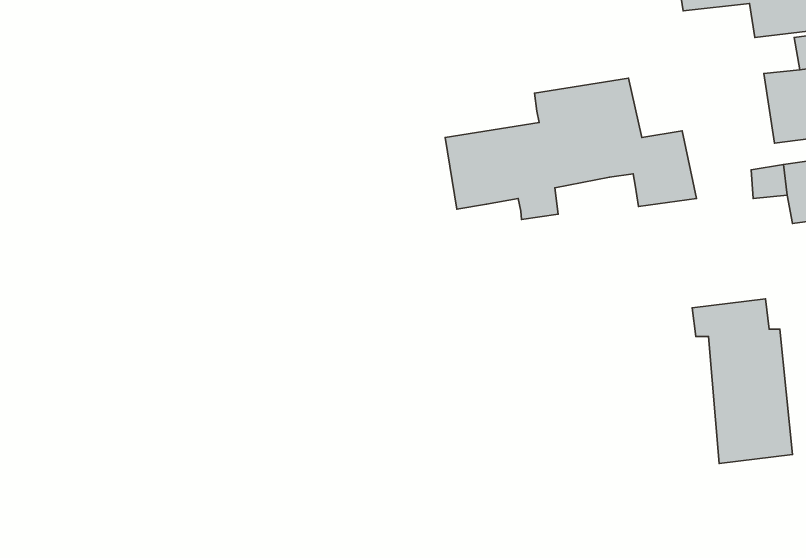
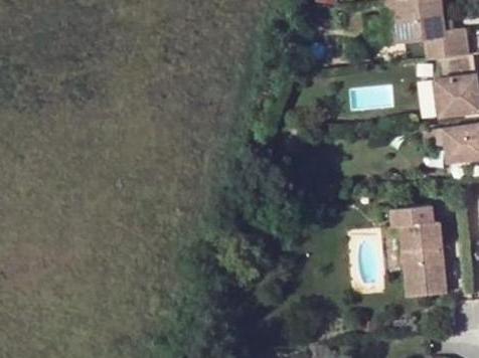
building: [445,78,697,219] -> none

